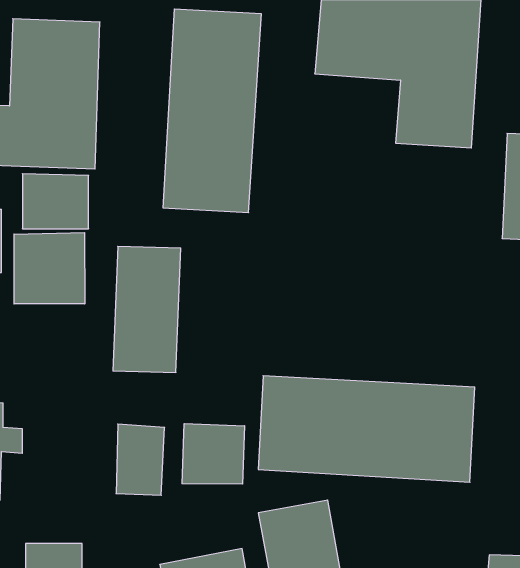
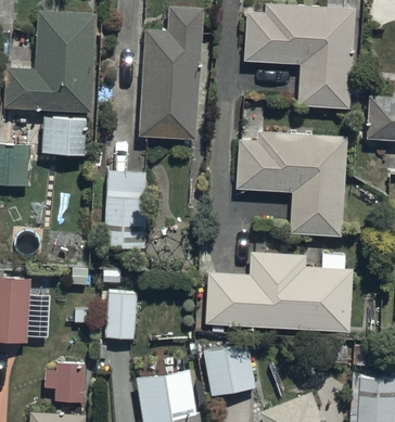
building: none -> [233,129,346,235]
building: [14,233,85,304] -> none
building: [182,424,245,484] -> none

